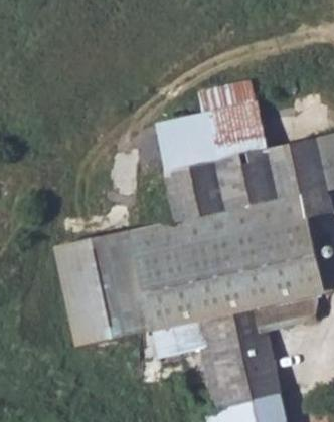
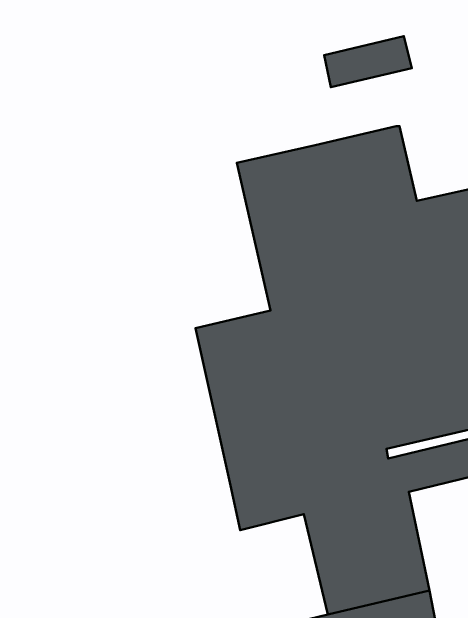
building: [201,82,257,115] -> [324,36,412,87]
building: [54,230,152,347] -> none

